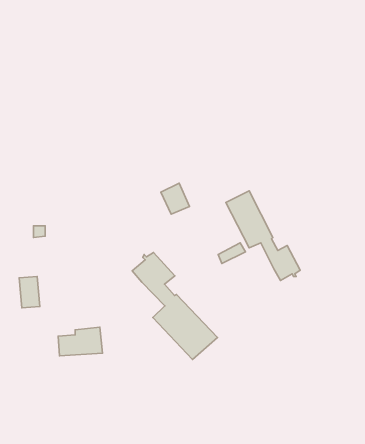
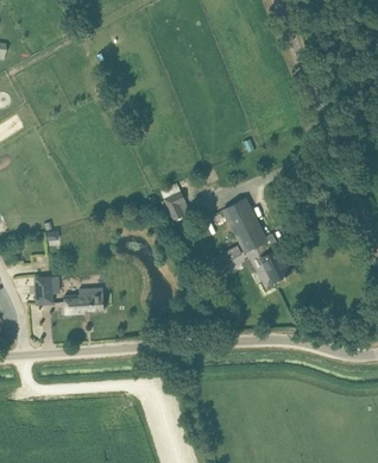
building: [132,253,217,360] -> none
building: [58,327,102,356] -> [63,287,103,313]

